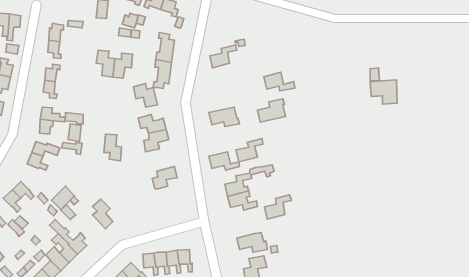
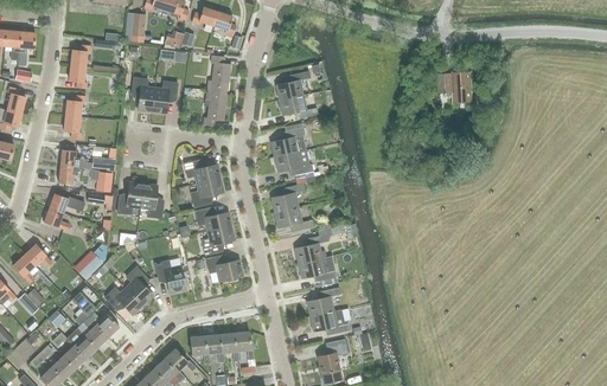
building: [264,72,295,91] -> [279,94,318,117]
building: [370,80,397,104] -> [437,71,472,102]
building: [133,84,157,107] -> none
building: [258,99,285,122] -> [270,127,306,156]
building: none -> [117,181,142,214]
building: [236,139,263,162] -> [270,182,305,212]
building: none -> [194,207,230,231]
building: none -> [205,255,242,281]
building: none -> [154,259,185,292]
building: [264,195,291,219] -> [306,285,340,316]
building: none -> [104,287,142,314]

